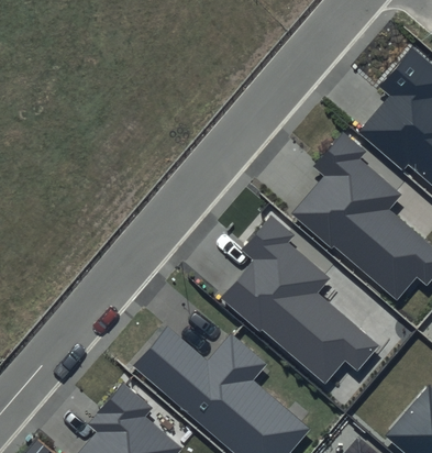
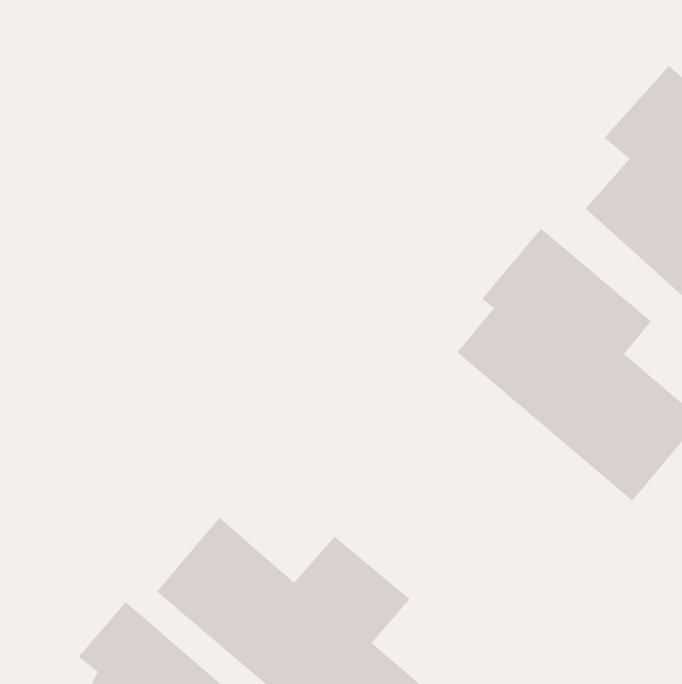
building: [223,225,378,388] -> none

